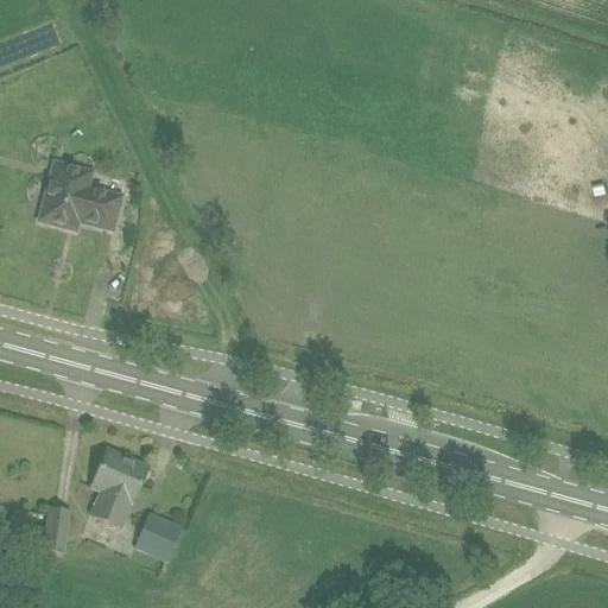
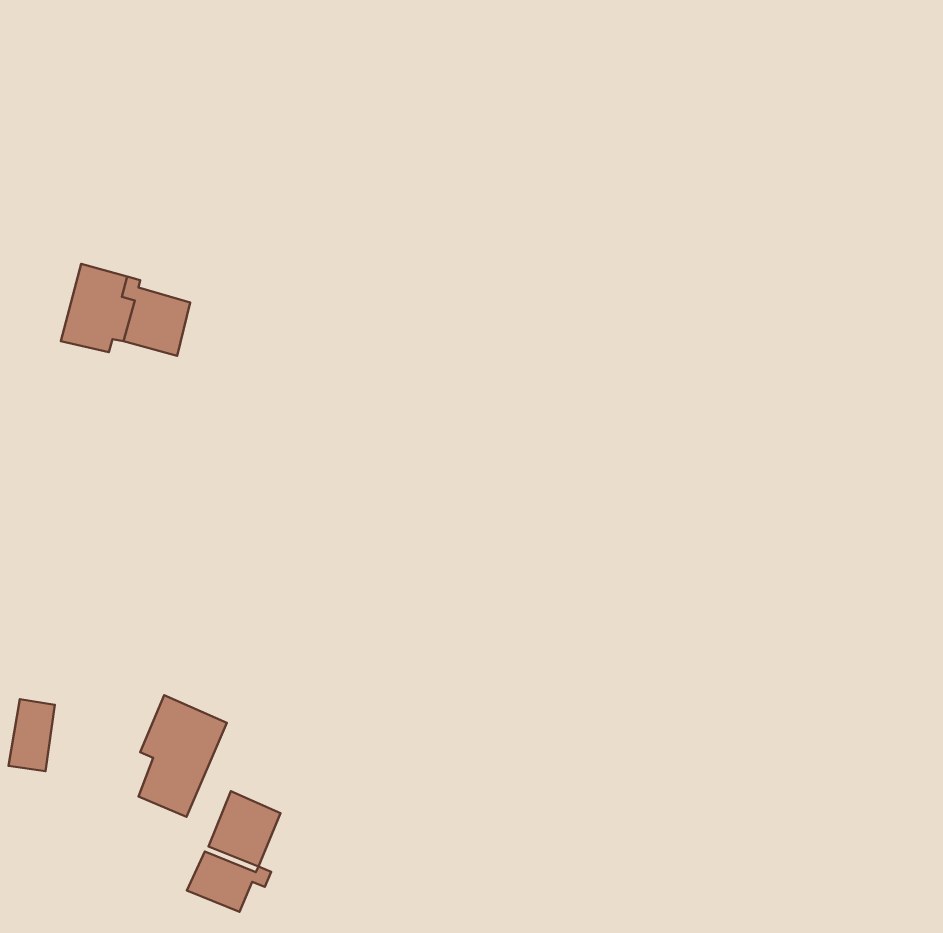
building: [42,505,71,551] -> [9,699,55,771]
building: none -> [187,852,271,912]

